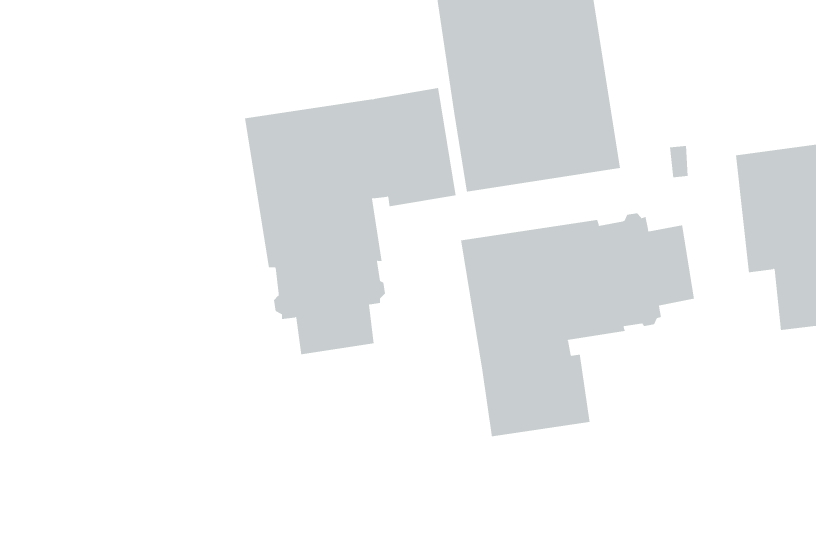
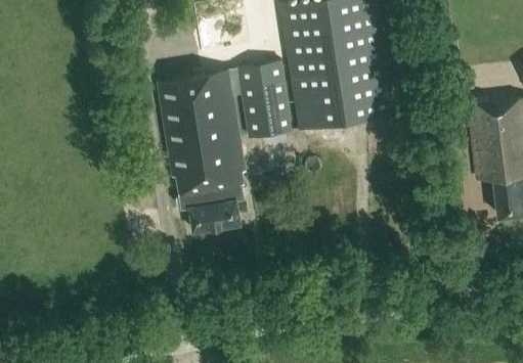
building: [460,212,695,437] -> none

